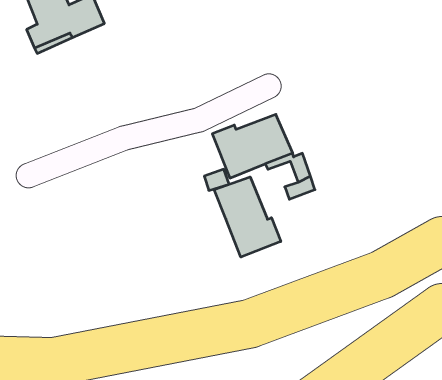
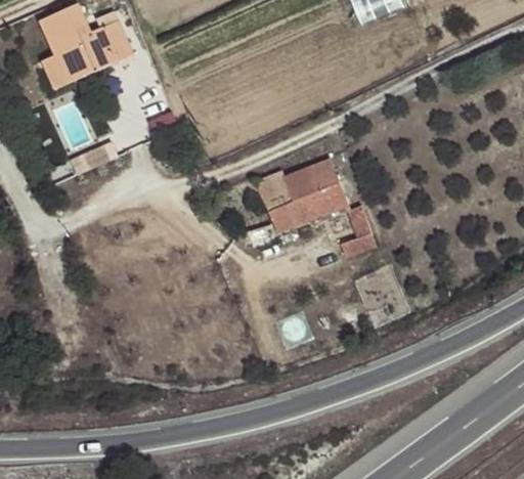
building: [214,177,281,257] -> none

